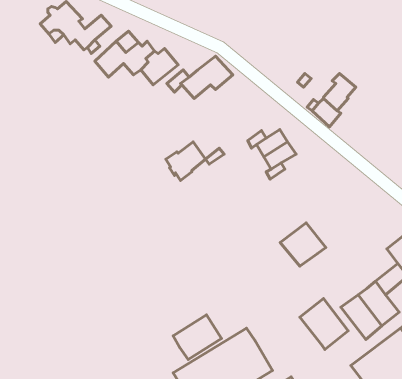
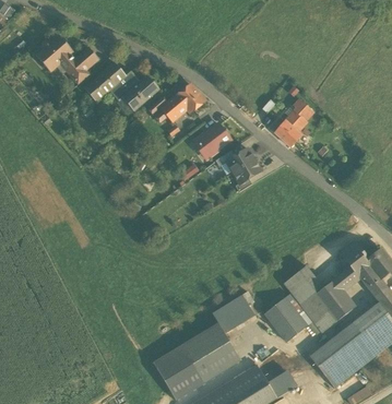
building: [166,142,205,180] -> [194,124,229,158]
building: [280,223,326,266] -> [283,266,323,305]
building: [173,315,222,360] -> [212,295,254,334]

